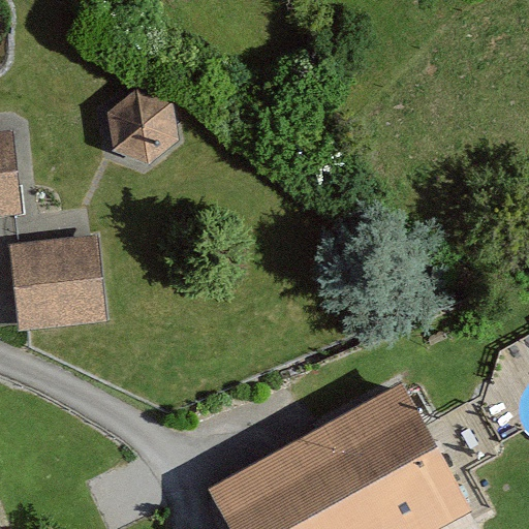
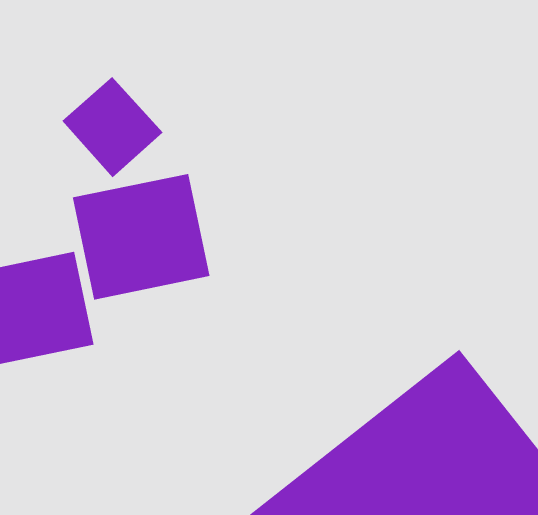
building: none -> [72,173,210,300]

